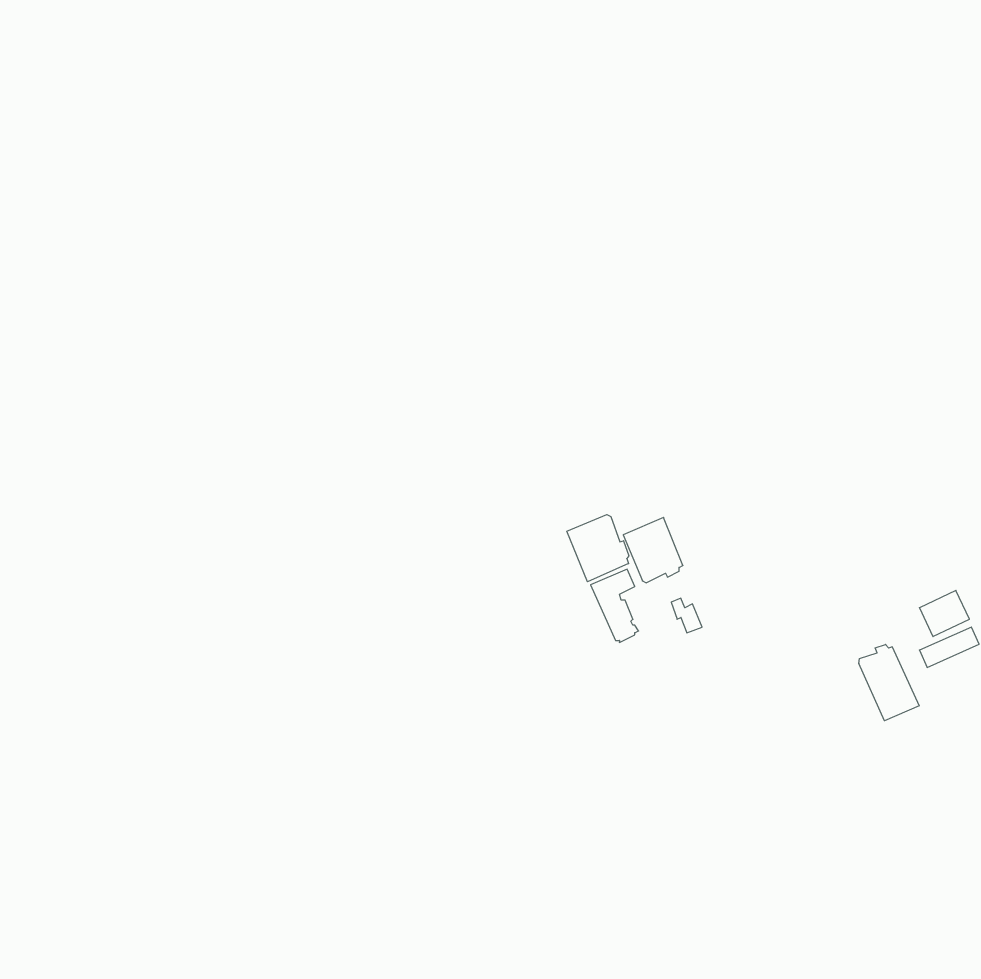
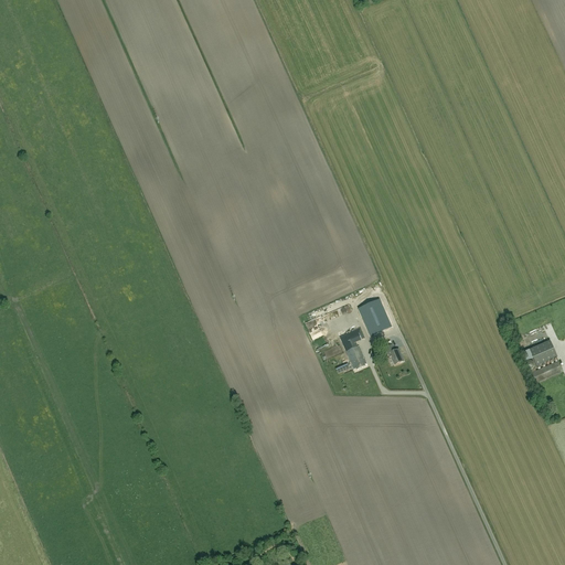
building: [567,515,629,582] -> none
building: [859,644,919,721] -> none

